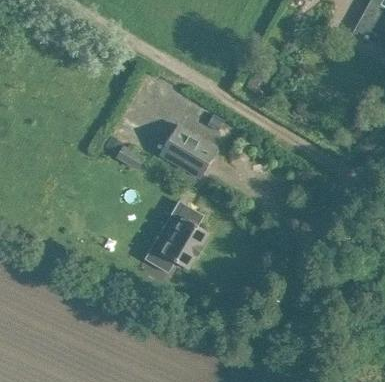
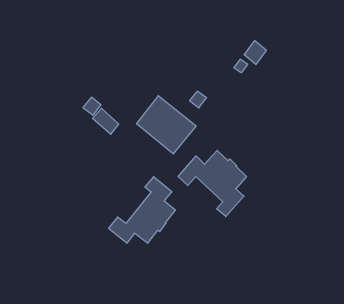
building: none -> [178,150,247,217]

